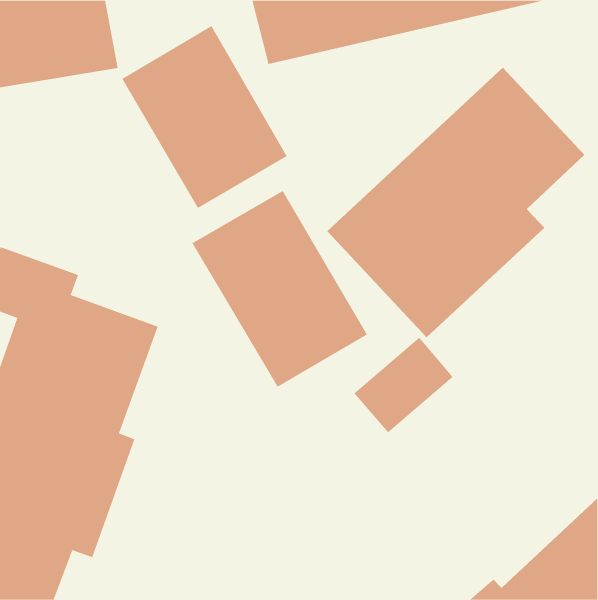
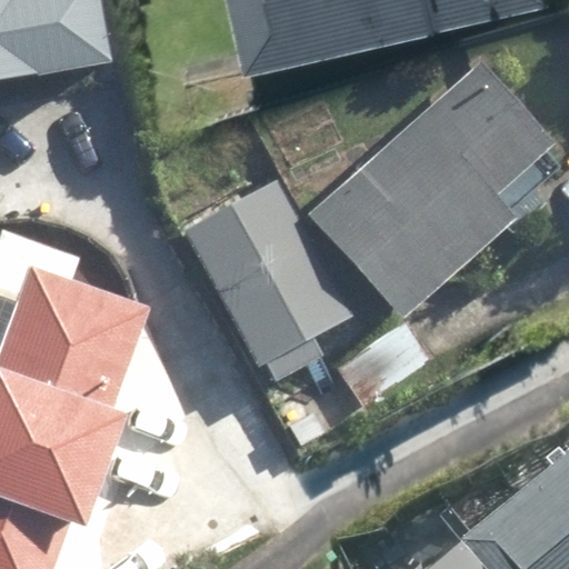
building: [122,25,287,209] -> none

